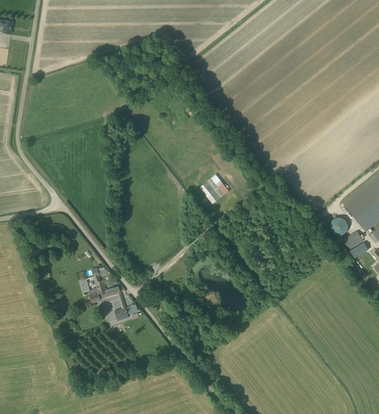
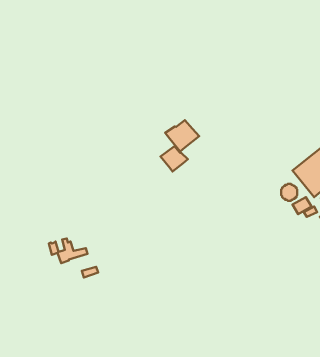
building: none -> [165,120,199,152]

